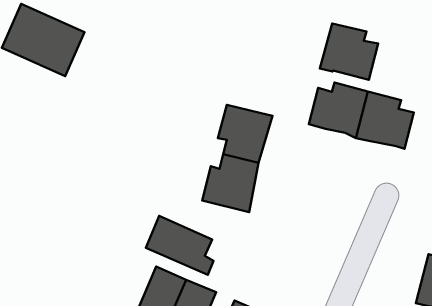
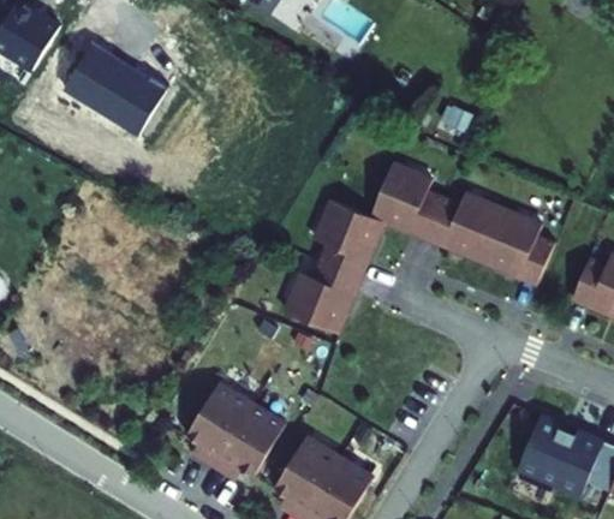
building: [320,24,378,80] -> [369,163,443,238]
building: [146,216,214,275] -> none

